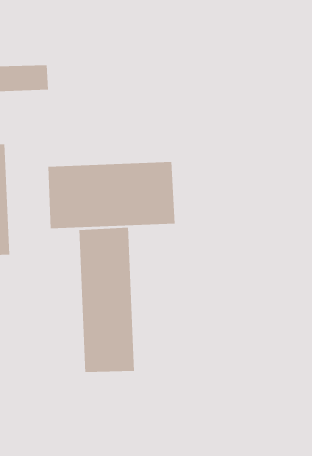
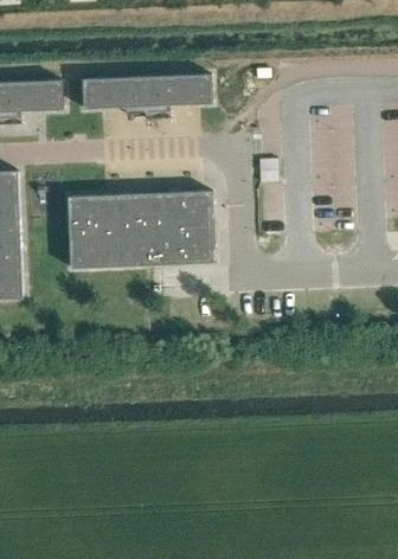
building: none -> [88,75,217,109]
building: [79,227,135,373] -> none

